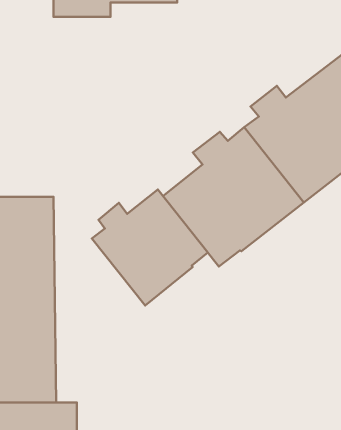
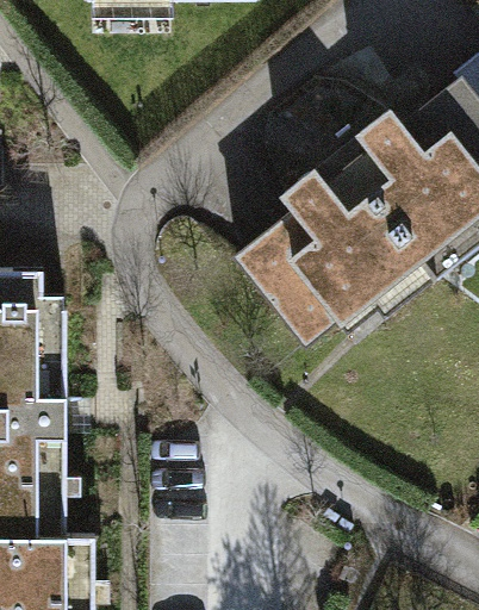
building: [92,190,208,305] -> none

